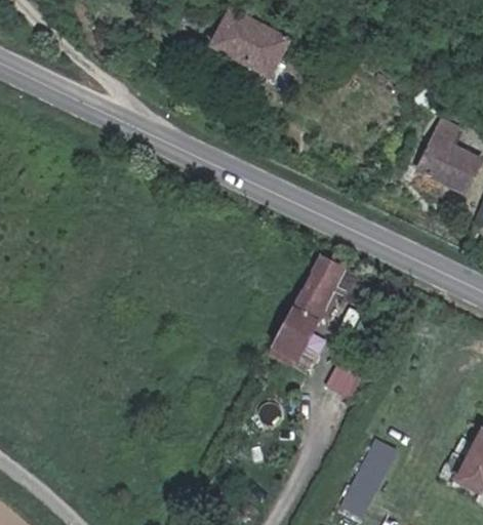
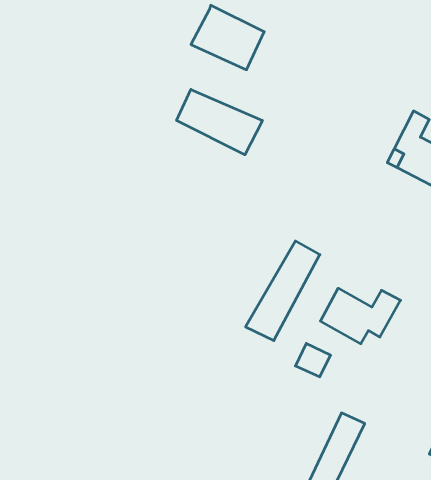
building: none -> [177,89,262,155]
building: none -> [320,288,401,344]

